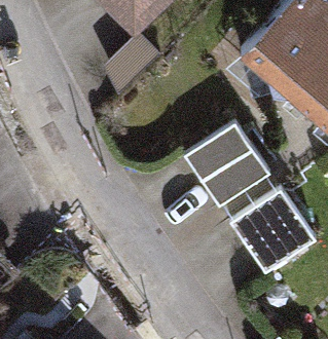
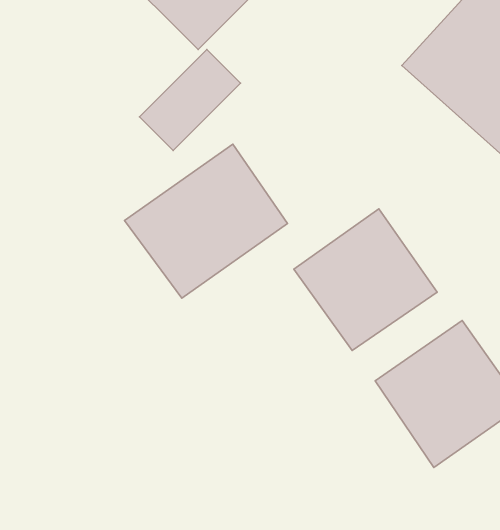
building: none -> [124,144,287,298]

